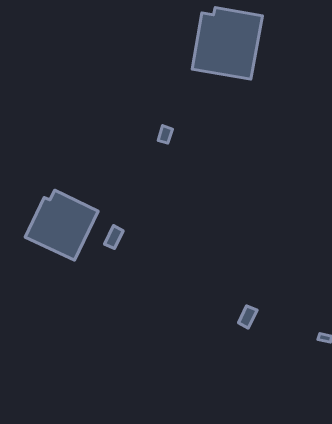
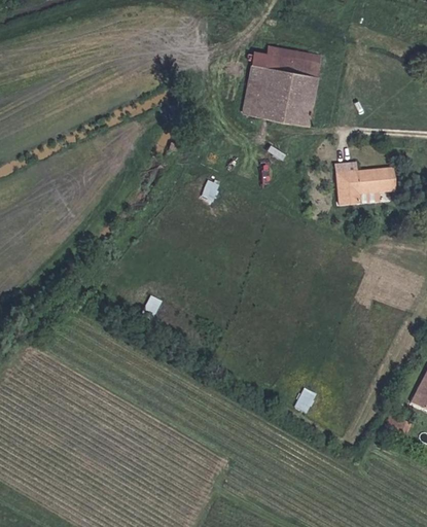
building: none -> [334,161,396,205]
building: [25,190,98,260] -> none

